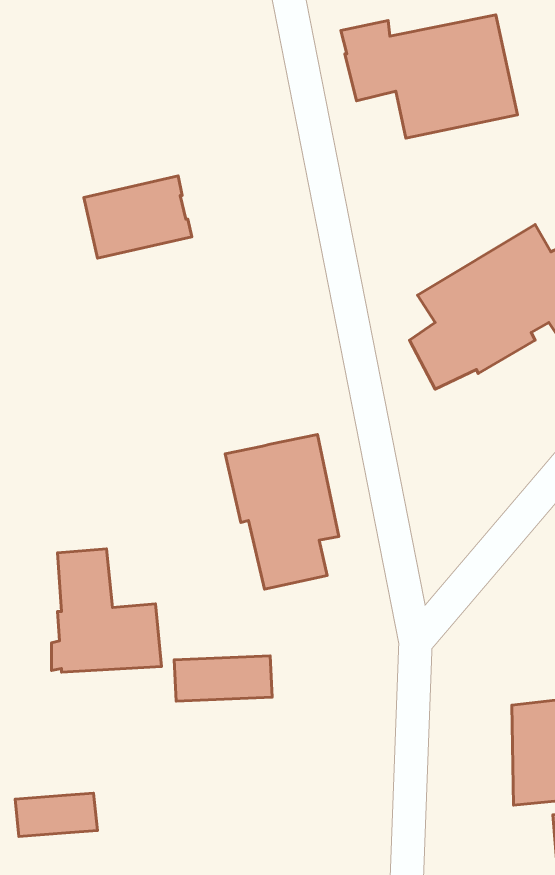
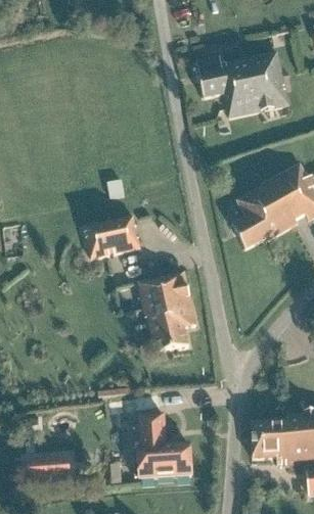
building: [84,176,192,258] -> [84,215,140,258]
building: [52,549,162,672] -> [135,413,192,477]
building: none -> [252,412,286,464]

